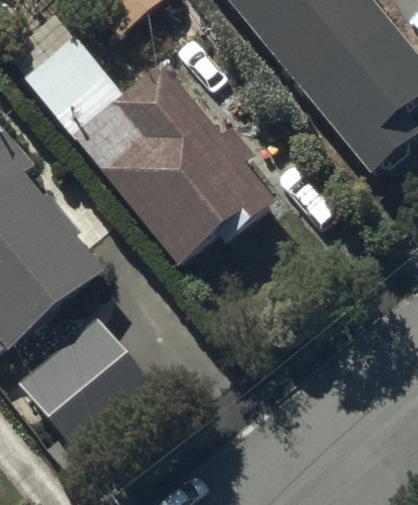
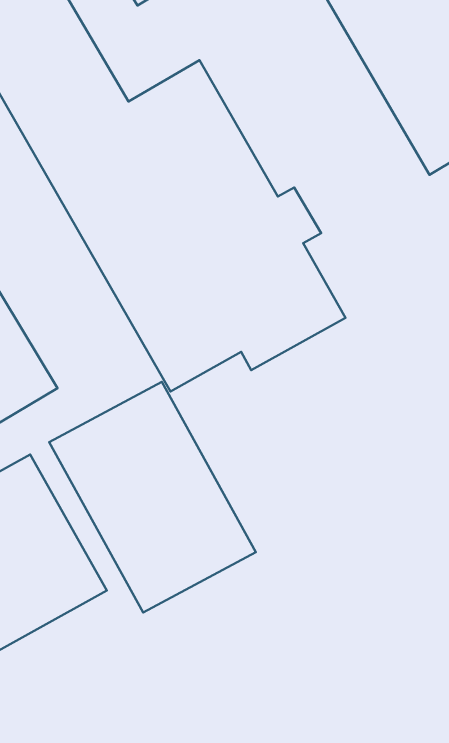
building: none -> [49,382,256,612]

